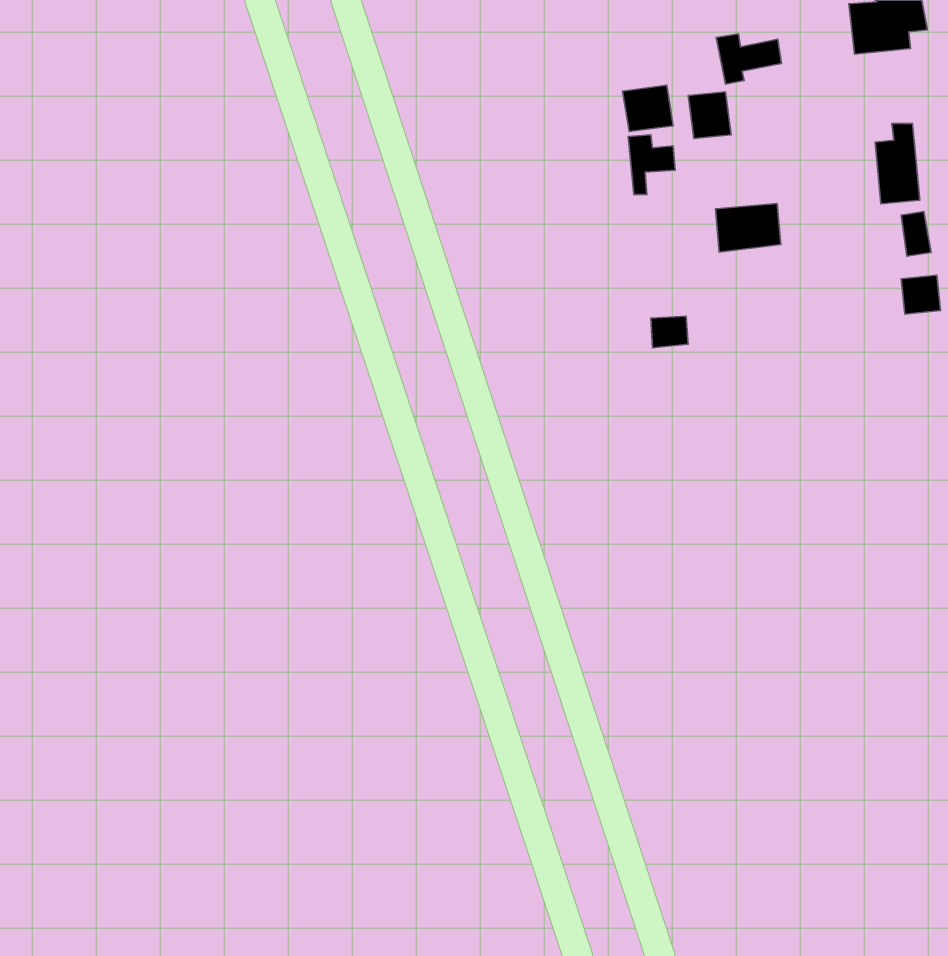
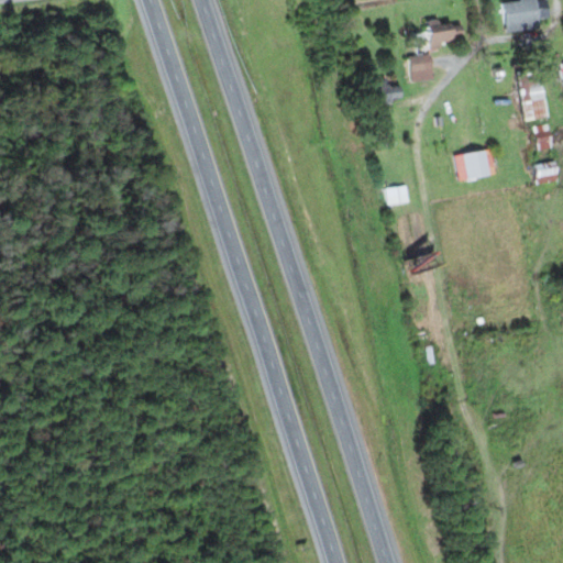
building: [623,85,673,132] -> none
building: [716,203,781,252] -> [456,151,495,179]

